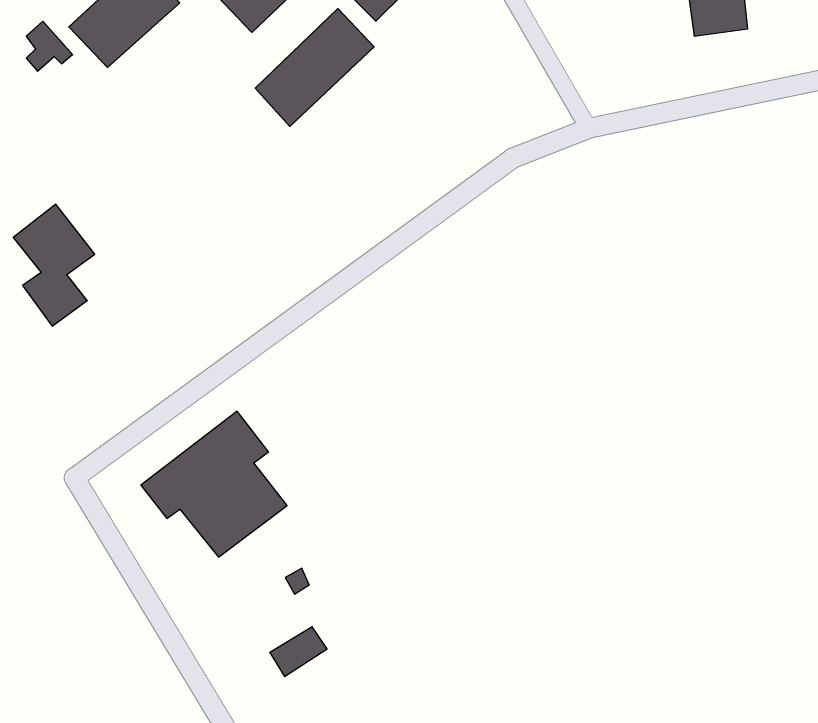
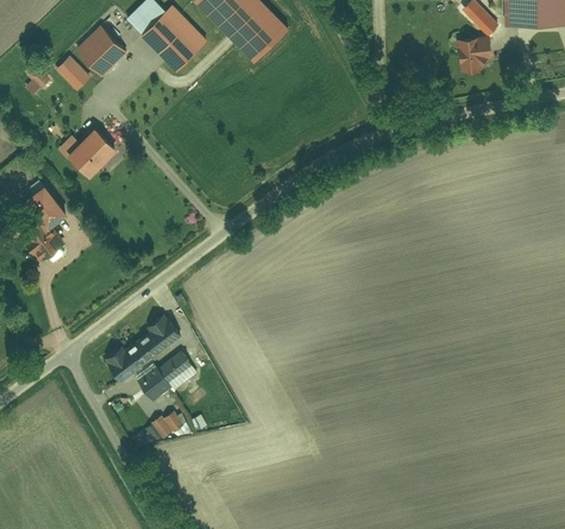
building: [255,9,374,126] -> none
building: none -> [68,126,118,176]
building: [270,627,327,677] -> [149,410,186,442]

